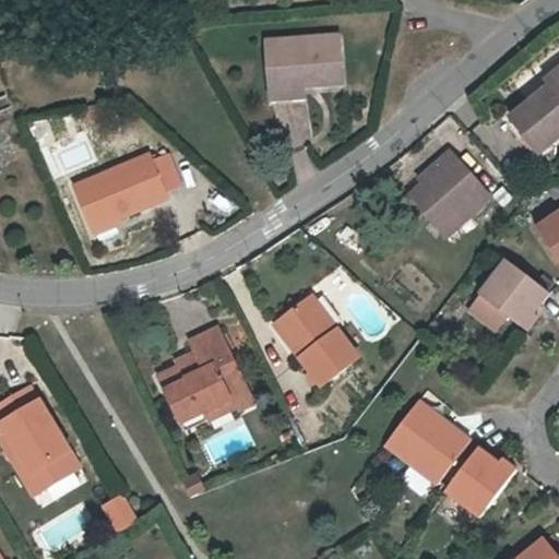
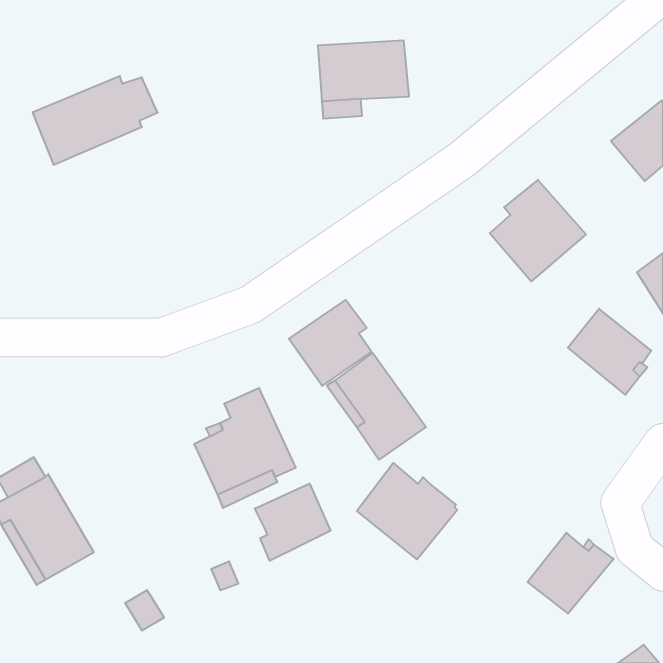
building: [78,154,182,228] -> [33,76,158,165]
building: none -> [289,300,371,386]
building: [384,403,468,484] -> [357,463,457,559]
building: none -> [255,483,331,561]

